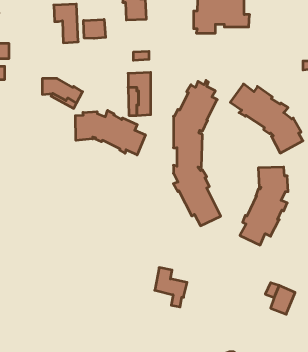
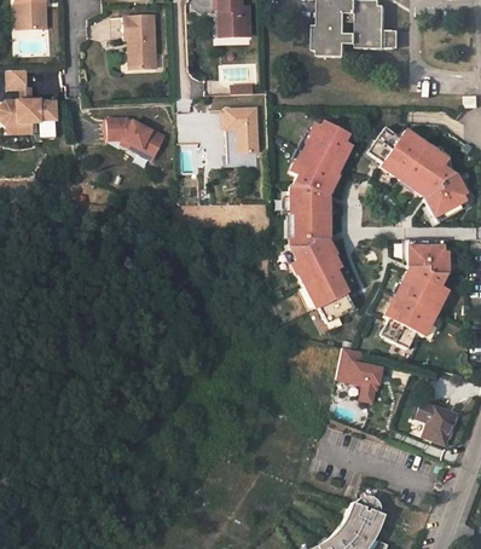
building: [84,19,106,38] -> none
building: [75,110,145,155] -> none
building: [155,268,187,307] -> [337,347,382,401]

